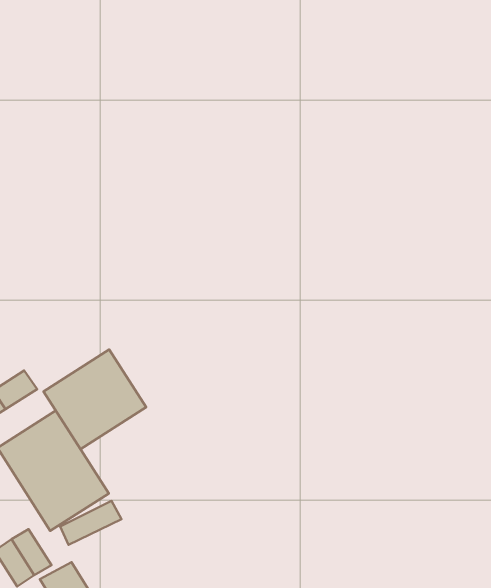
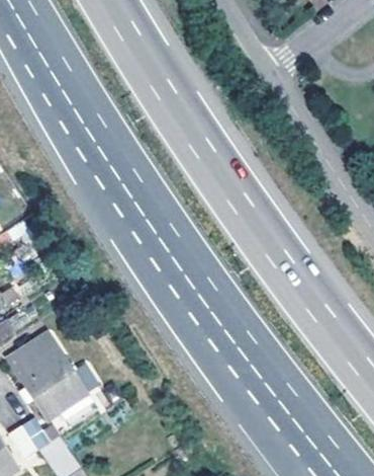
building: [43,350,146,449] -> none

